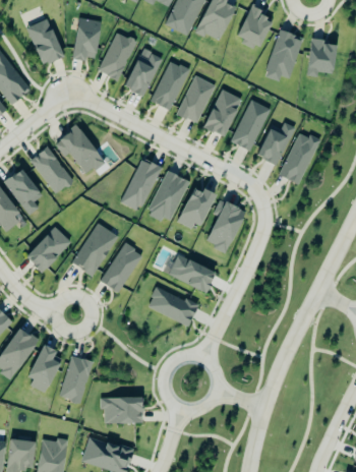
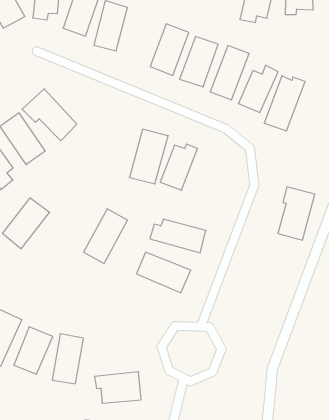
building: [152,60,188,110] -> none
building: [121,158,161,212] -> none
building: [206,200,244,251] -> [278,187,315,240]
building: [72,223,119,276] -> none

